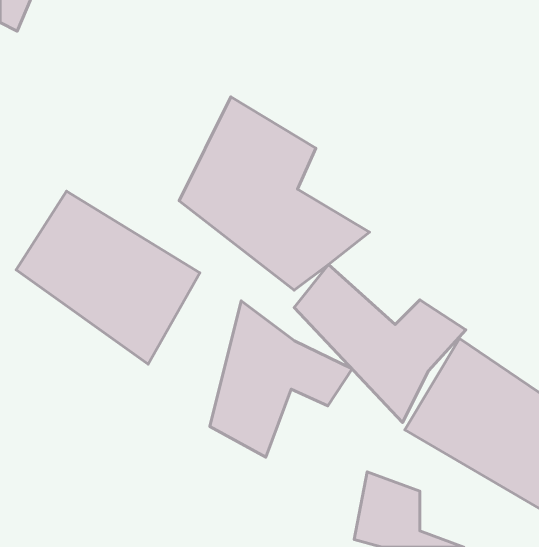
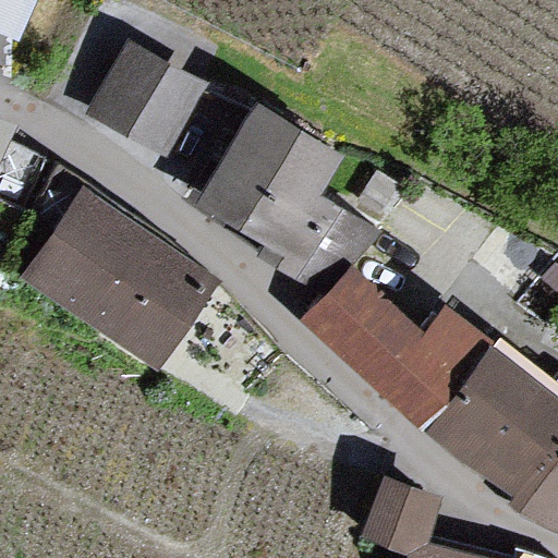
building: none -> [106,44,214,147]
building: [210,301,352,457] -> none

